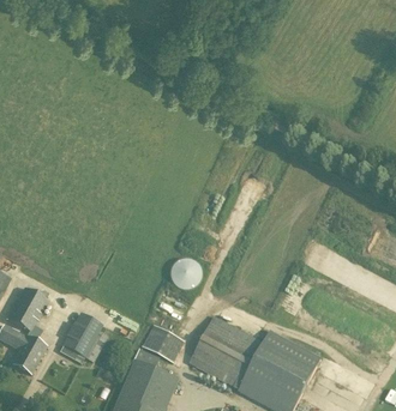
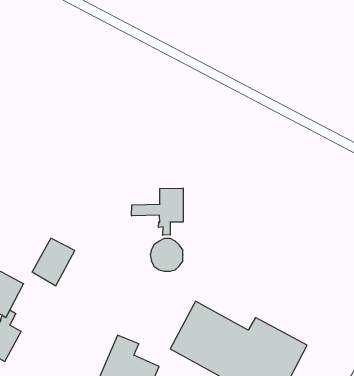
building: none -> [132,188,183,235]
building: [62,312,103,357] -> [32,238,75,286]
building: [142,322,185,362] -> none

